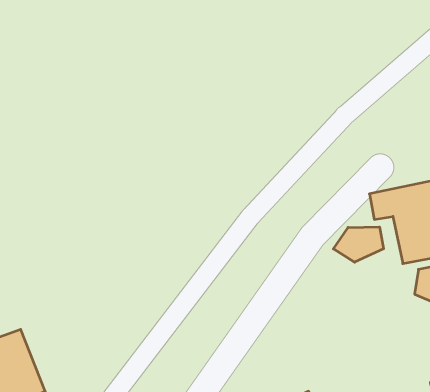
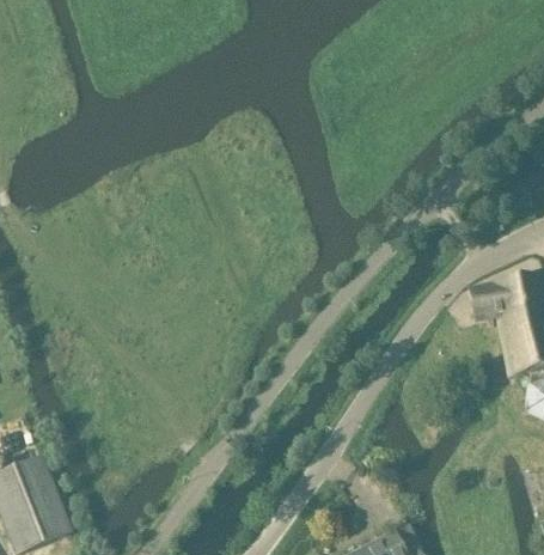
building: [333,227,384,262] -> none

